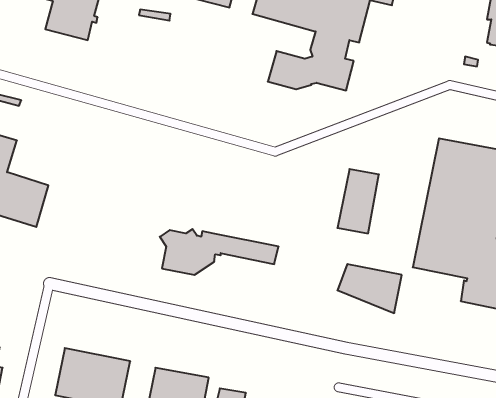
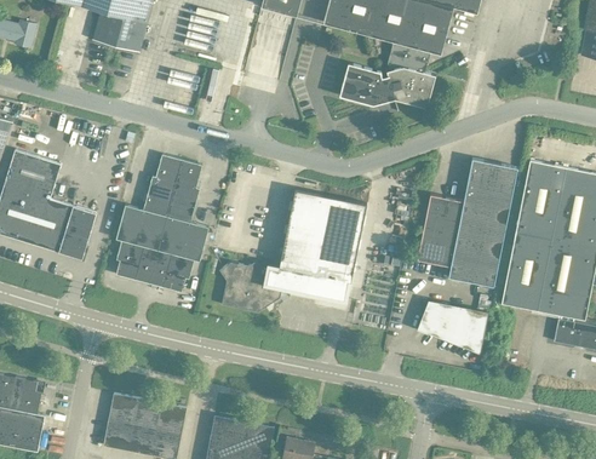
building: none -> [115,153,208,292]
building: none -> [448,157,517,286]
building: none -> [279,189,366,280]

